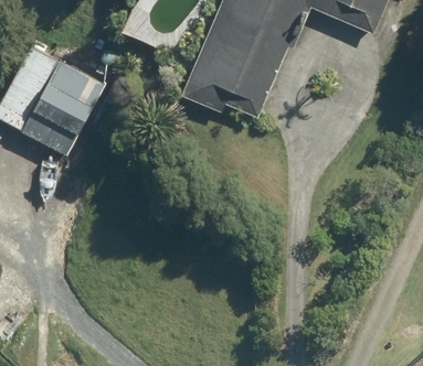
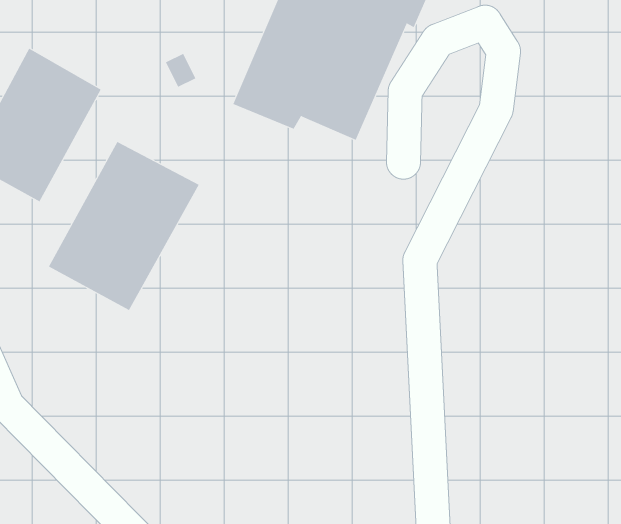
building: none -> [48,141,200,311]

